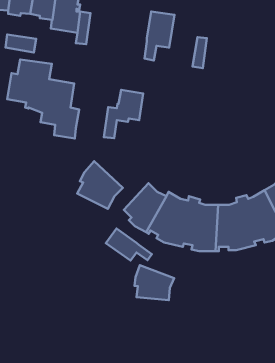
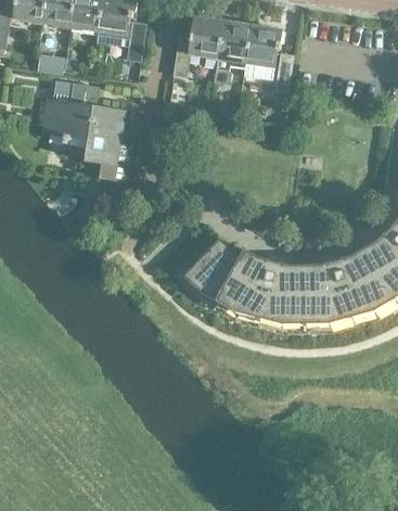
building: none -> [243,26,282,80]
building: [104,90,143,138] -> [172,17,222,78]
building: [77,161,123,209] -> none
building: [106,229,152,261] -> none
building: [135,265,174,300] -> none

